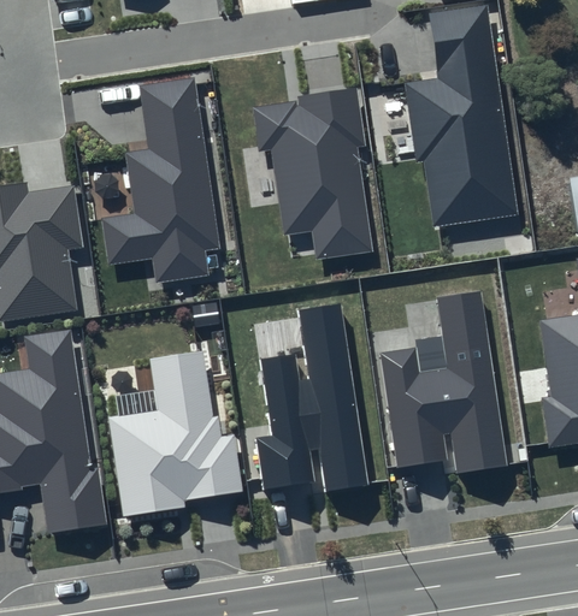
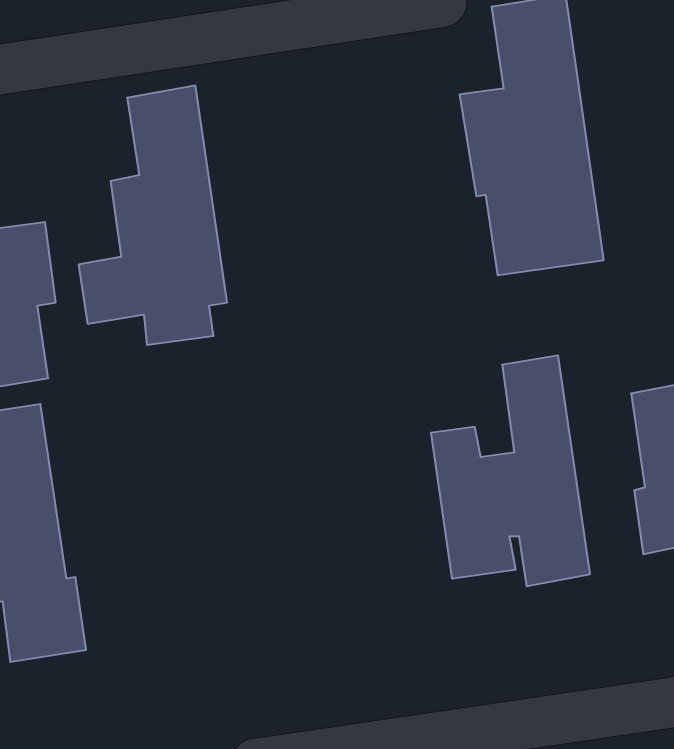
building: [253,87,373,257] -> none
building: [255,302,370,491] -> none
building: [107,350,243,515] -> none

